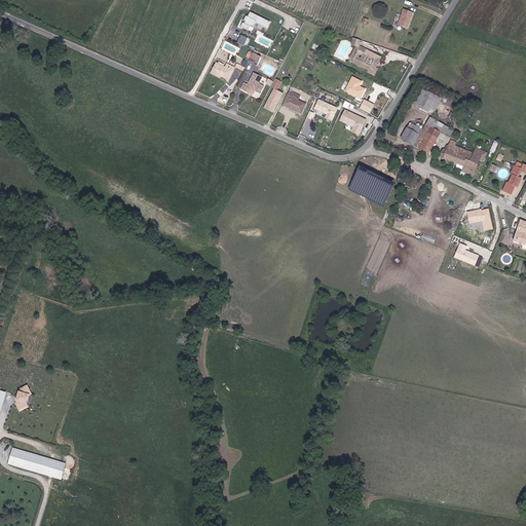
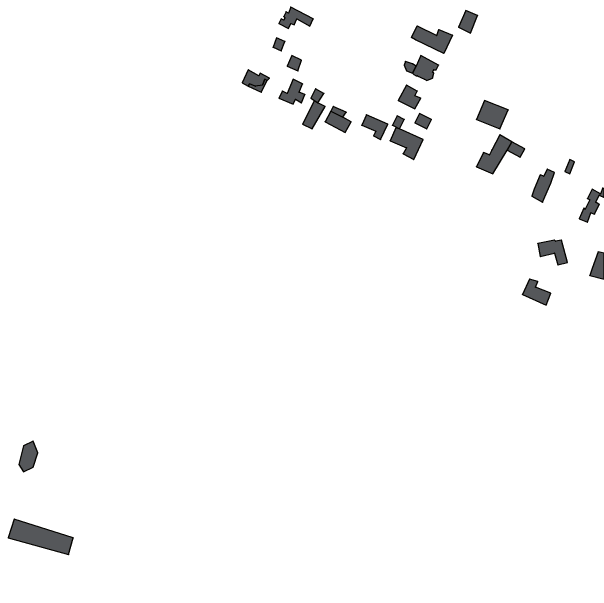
building: none -> [412,26,452,53]
building: [437,139,469,164] -> none
building: [349,165,393,203] -> none

